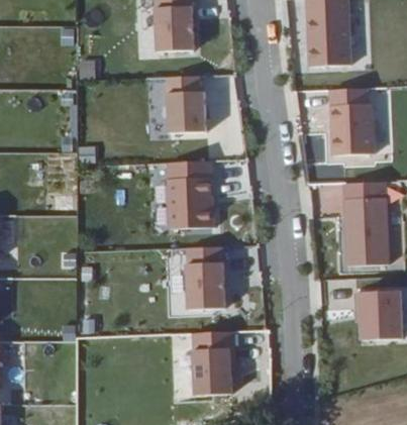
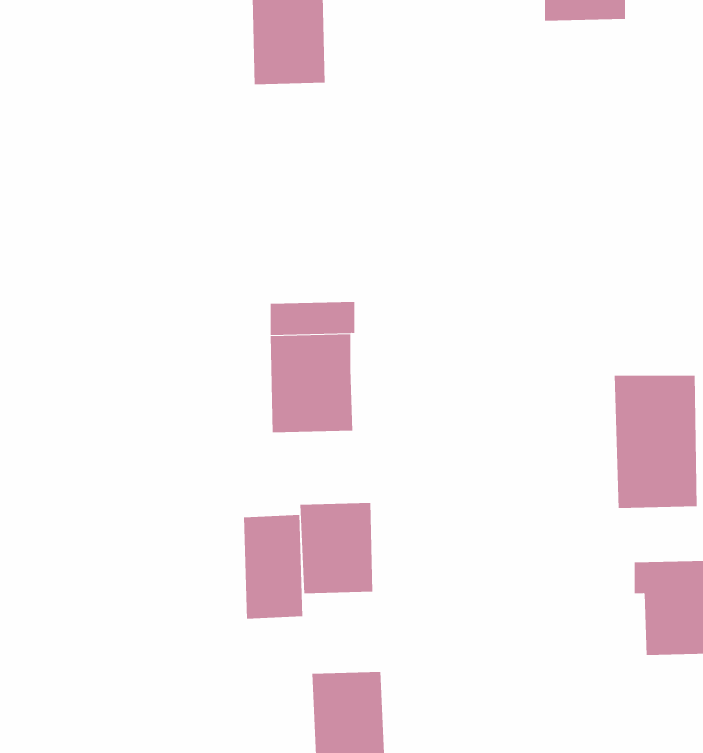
building: [307,15,349,66] -> none
building: [169,73,207,130] -> none
building: [330,104,373,154] -> none
building: none -> [244,514,303,620]

